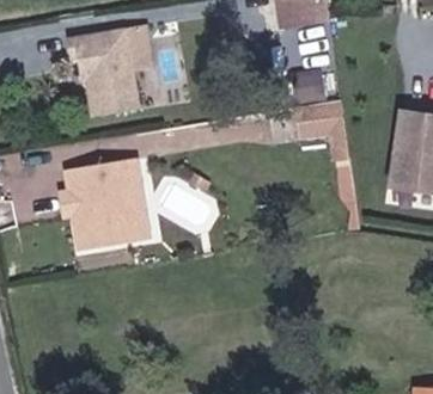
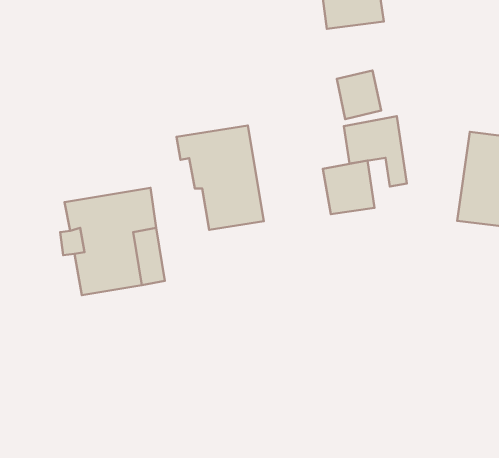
building: [66,30,139,117] -> [176,125,264,230]
building: none -> [323,161,375,214]

